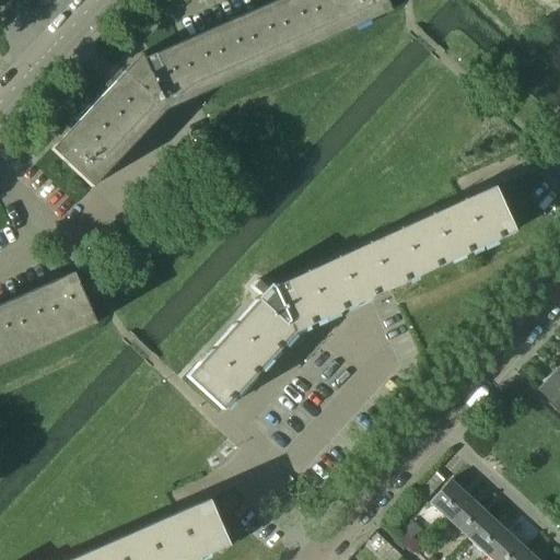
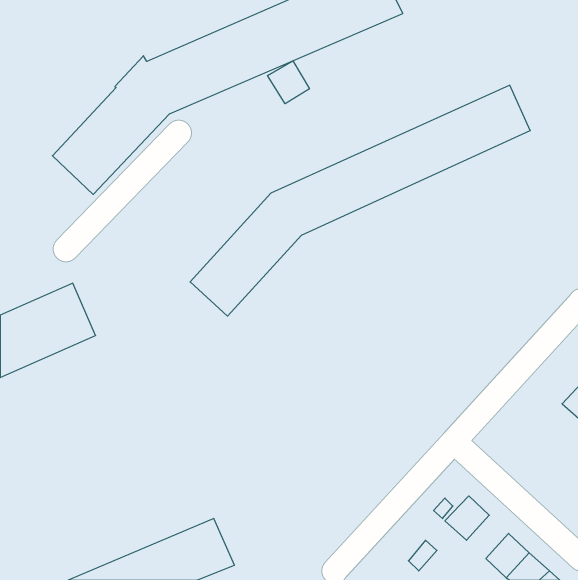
building: none -> [268,61,309,104]
building: [187,188,514,410] -> [190,85,530,316]
building: [452,495,492,537] -> none

